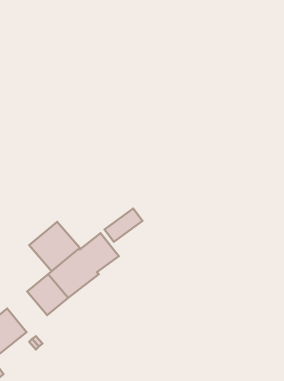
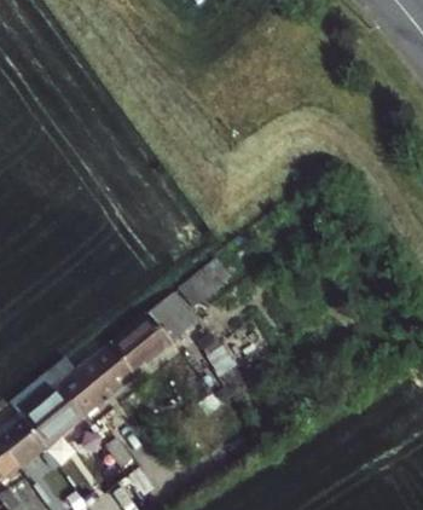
building: [29,222,80,271] -> none
building: none -> [36,383,87,435]

